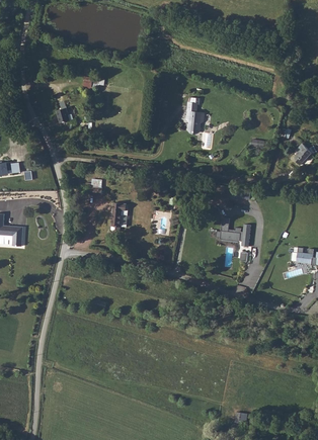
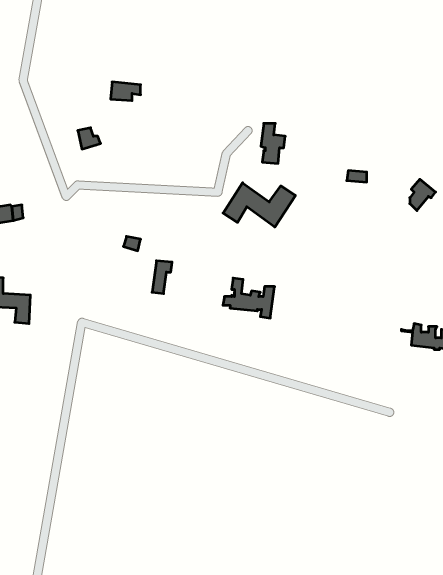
building: none -> [223,183,295,227]
building: [214,218,250,247] -> [223,278,275,318]

